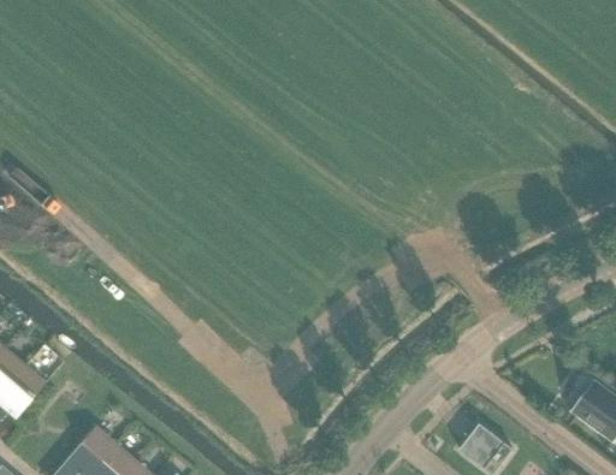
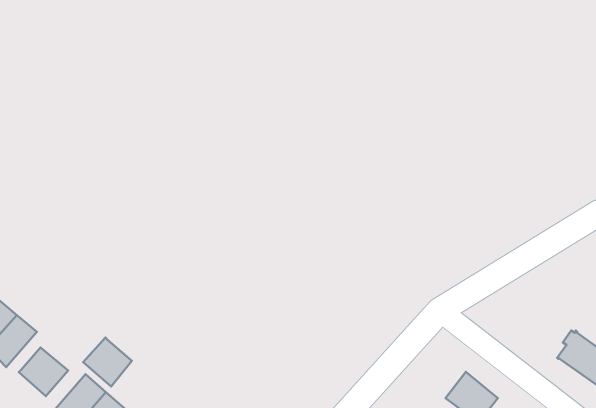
building: none -> [83,337,132,386]
building: none -> [19,348,68,396]

